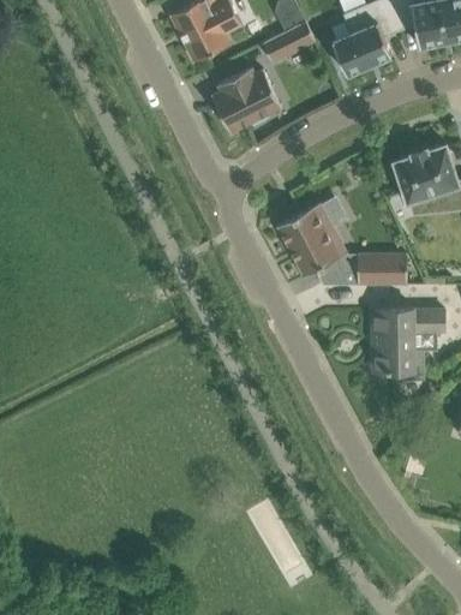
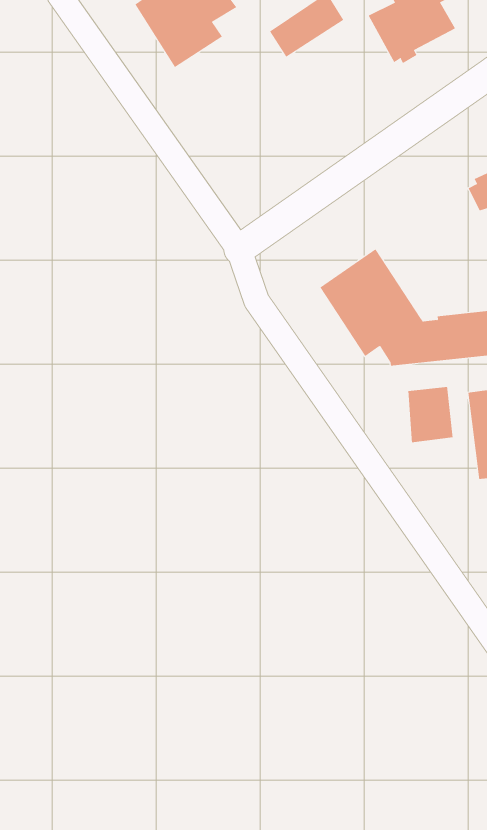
building: [212,67,282,132] -> none
building: none -> [408,386,453,443]

